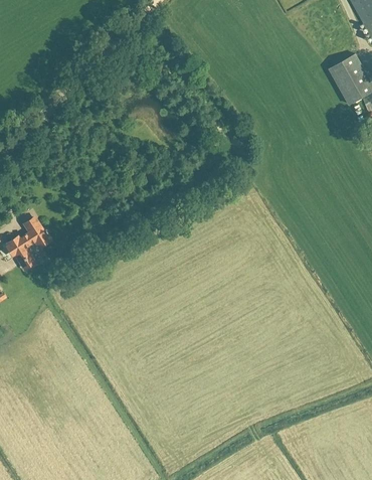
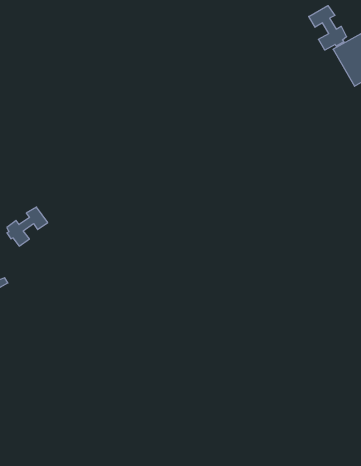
building: none -> [309,6,347,50]

